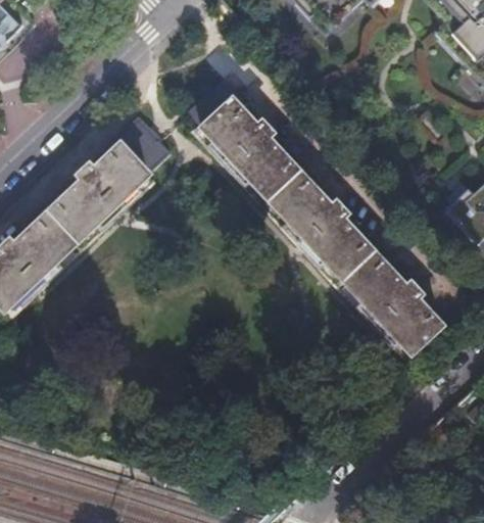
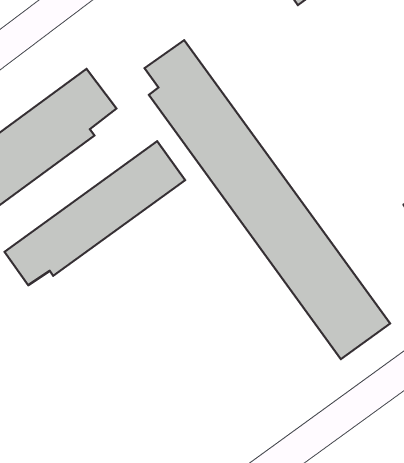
building: none -> [4,141,185,285]

